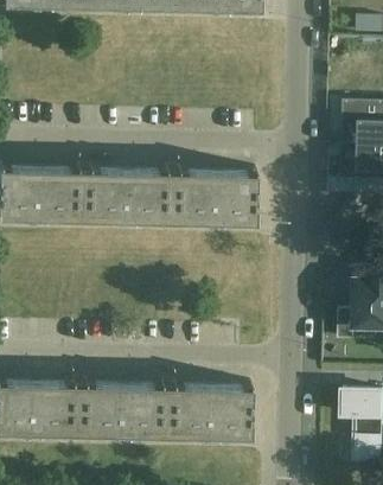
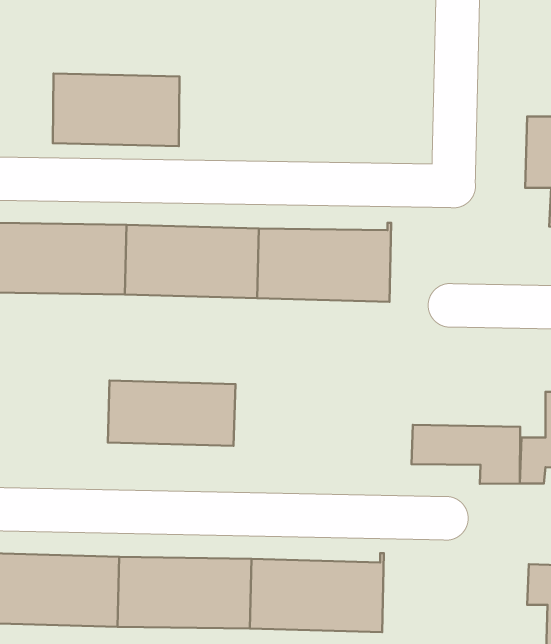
building: none -> [53,74,180,146]
building: none -> [108,381,235,446]
building: none -> [411,425,520,484]

